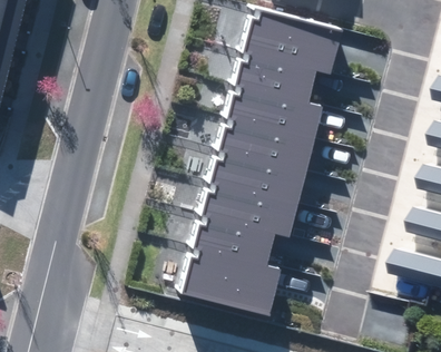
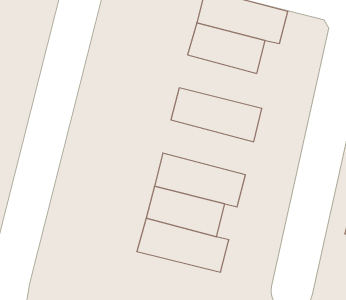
building: [220,76,320,134] -> none
building: [203,146,301,205] -> none

